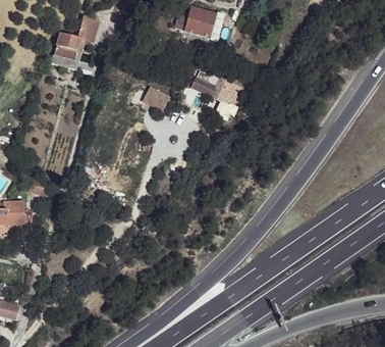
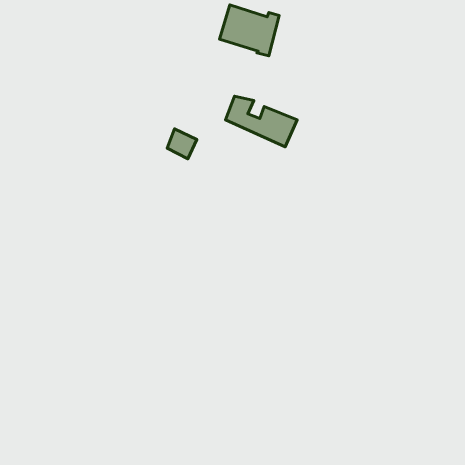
building: [54,16,97,59] -> none

